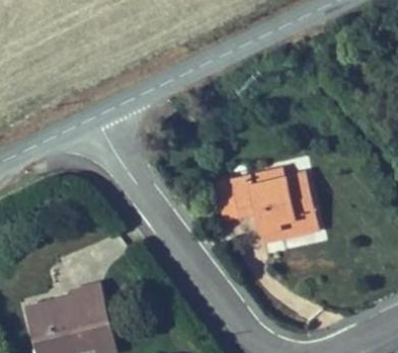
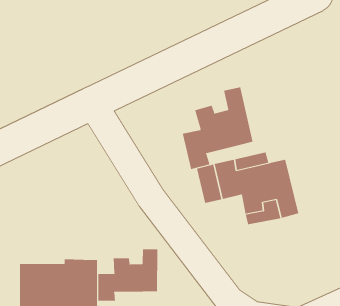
building: none -> [182,87,253,170]
building: none -> [98,249,158,301]

